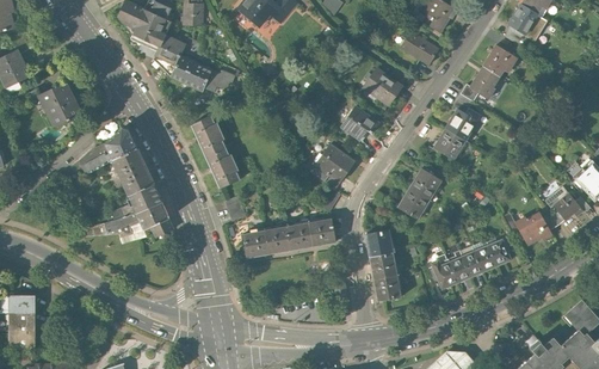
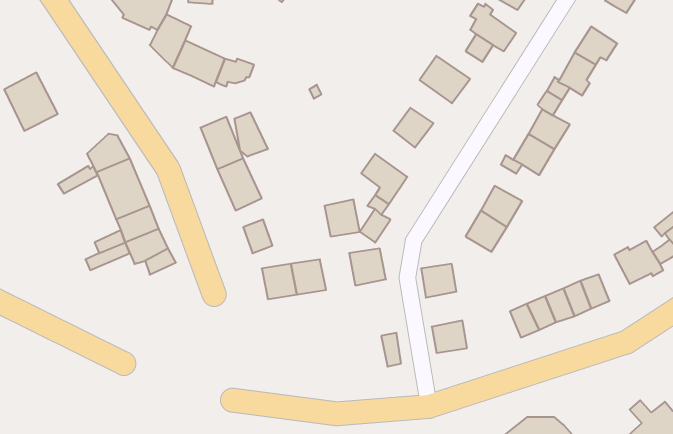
building: none -> [234,112,268,157]
building: [285,221,313,250] -> [325,200,360,236]
building: [368,251,396,278] -> none

